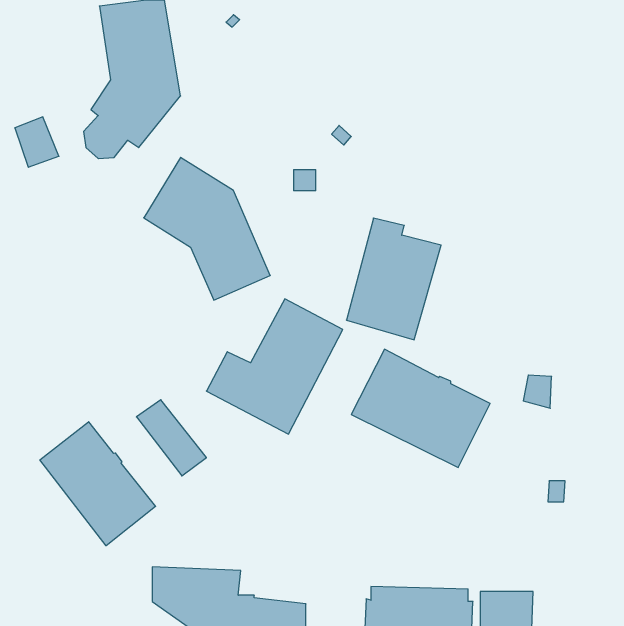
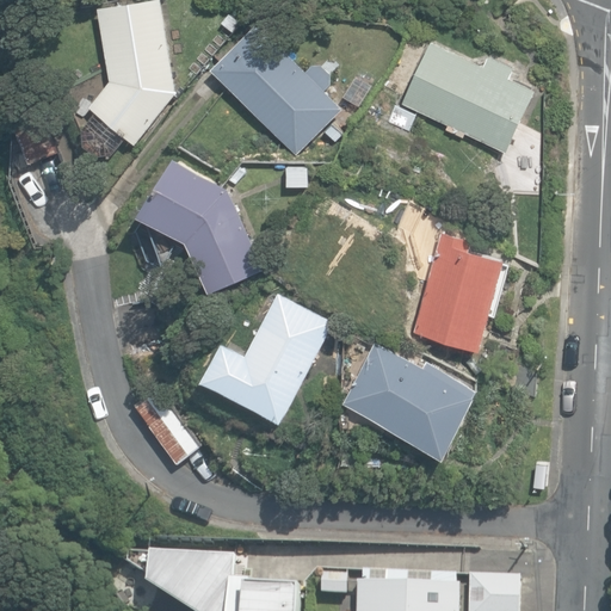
building: none -> [210,24,341,156]
building: none -> [401,41,535,153]
building: [346,218,441,340] -> [413,233,505,351]
building: [40,422,156,546] -> none

